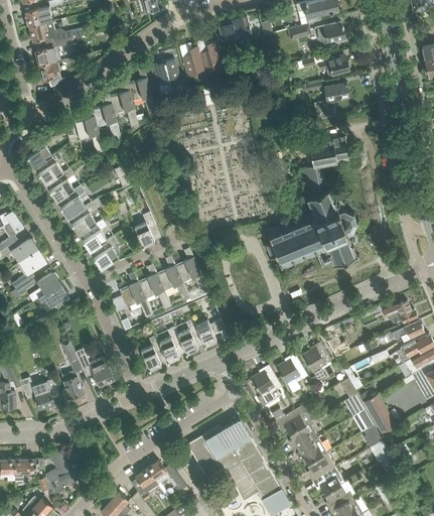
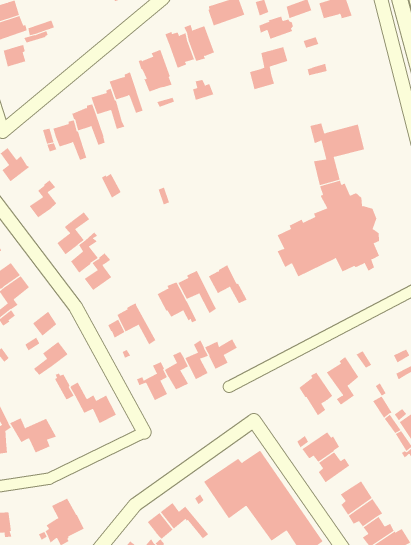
building: [318,55,349,76] -> [259,16,294,40]
building: [37,60,61,87] -> none
building: [313,83,348,119] -> [249,47,288,90]
building: [37,151,62,184] -> none
building: [59,184,85,218] -> none
building: [133,211,155,246] -> none
building: [138,269,171,308] -> [208,260,247,304]
building: [27,271,59,300] -> [33,341,69,375]
building: [250,364,281,403] -> none
building: [60,370,83,399] -> none
building: [294,437,326,463] -> none
building: [13,459,35,481] -> none

